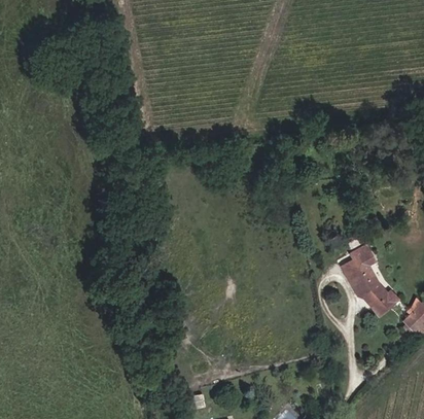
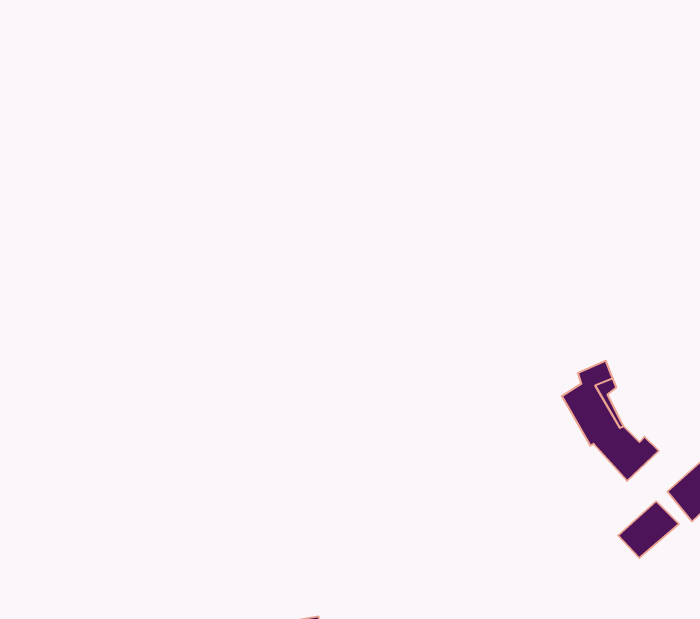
building: none -> [618,501,679,558]

